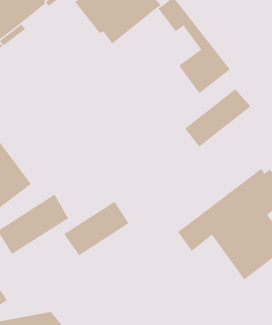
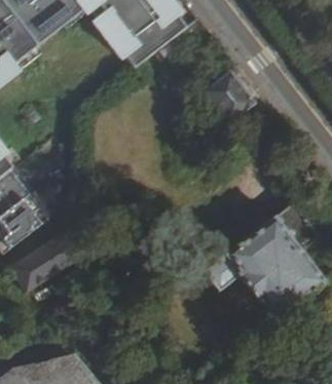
building: [184,88,252,147] -> none
building: [63,201,129,256] -> none

